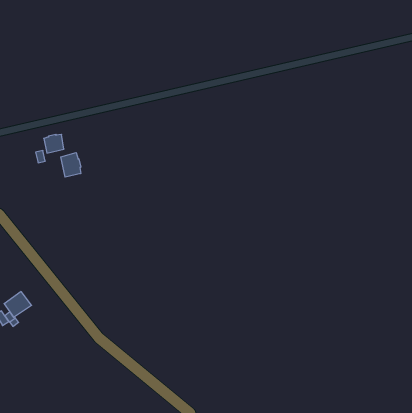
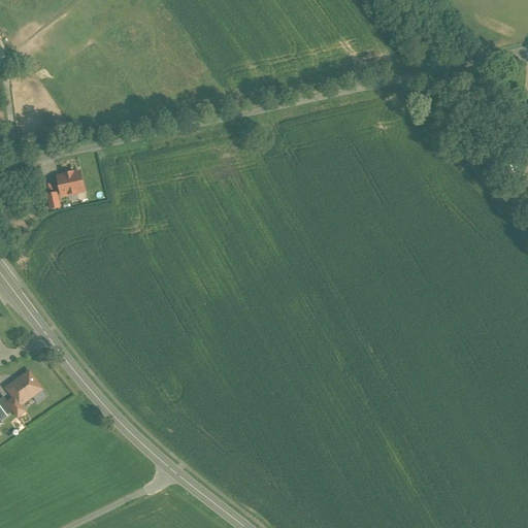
building: [61,153,81,177] -> none

